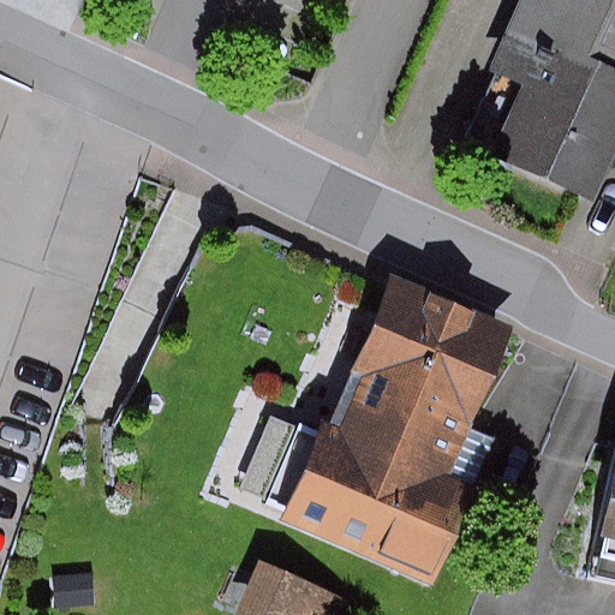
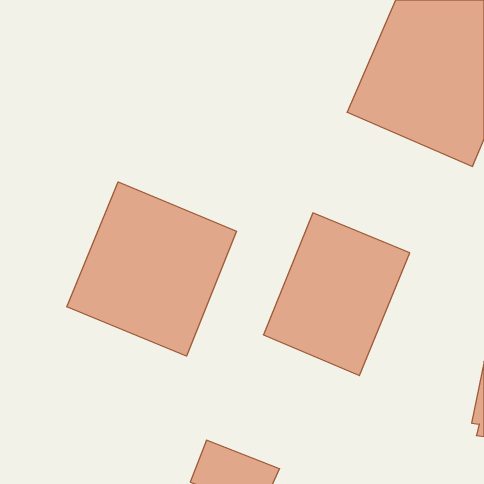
building: none -> [67,182,237,356]
building: [280,420,482,584] -> none

